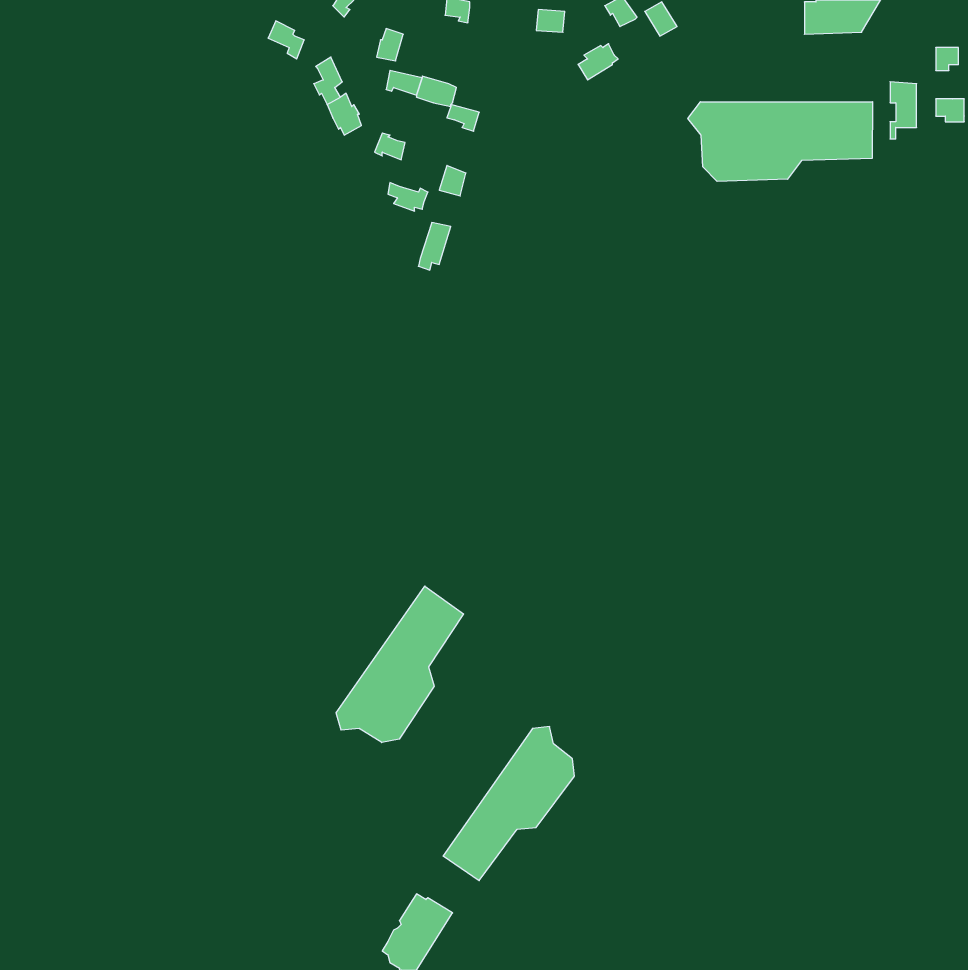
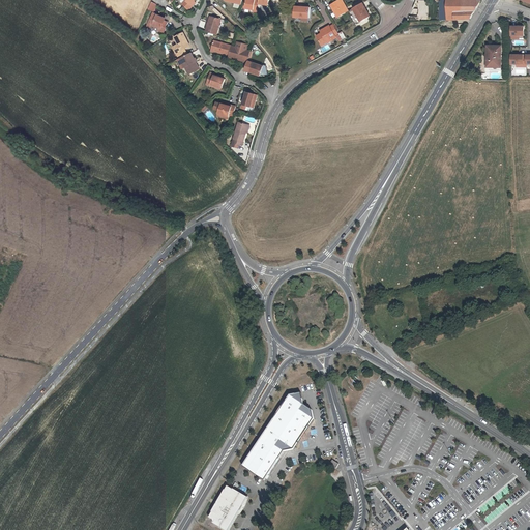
building: [688,102,873,181] -> none
building: [336,586,464,743] -> none

